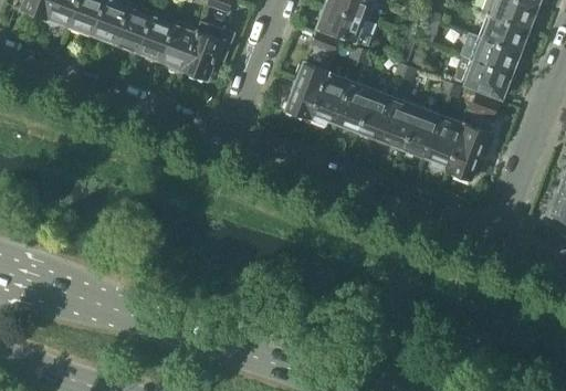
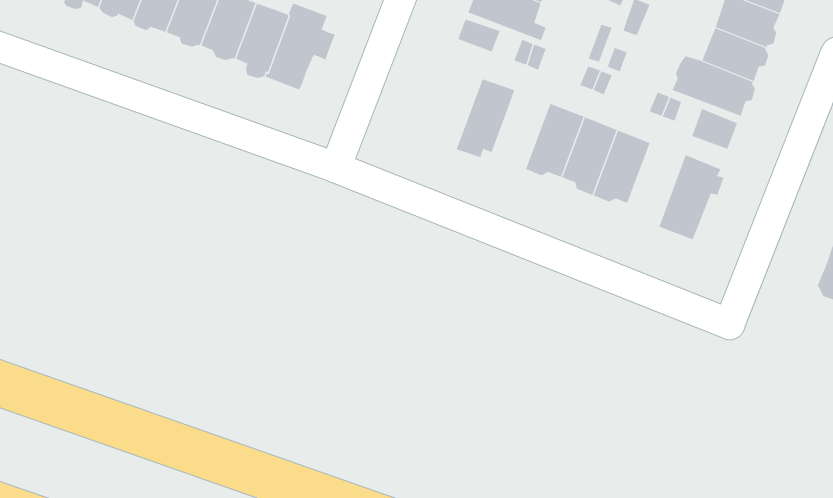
building: [286,63,328,119] -> none
building: [335,80,374,133] -> none
building: [426,115,464,171] -> none

